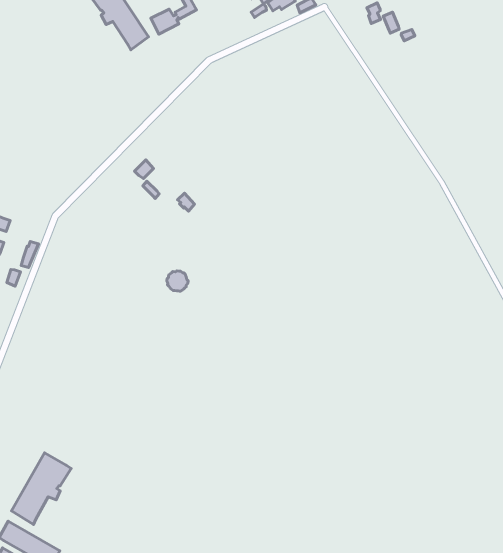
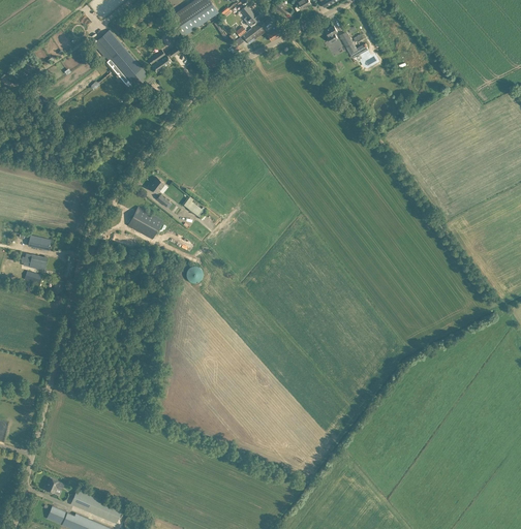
building: none -> [127,207,161,239]
building: [11,453,71,524] -> none

